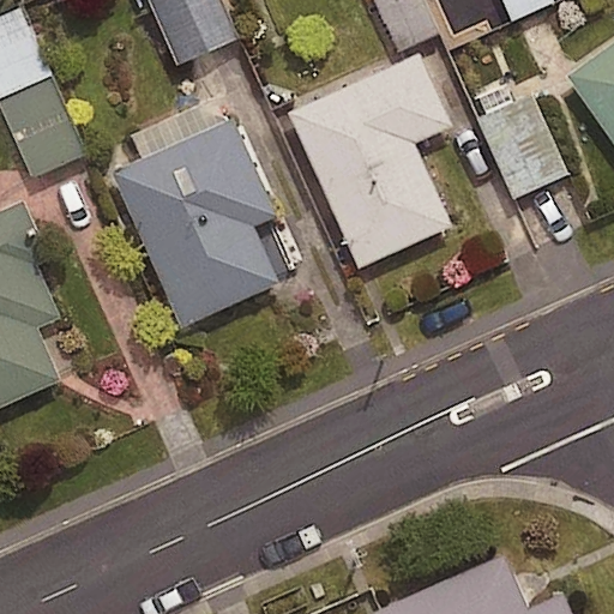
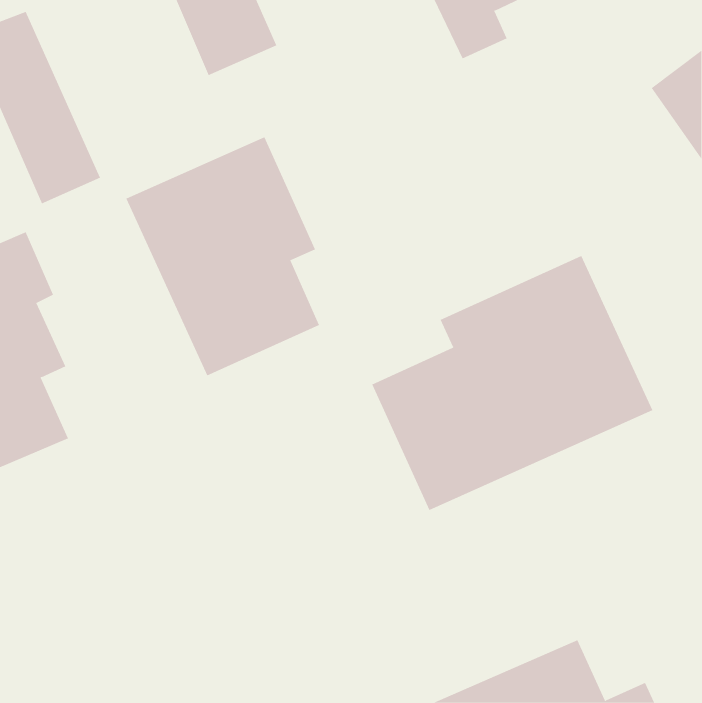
building: [287,53,452,269] -> none
building: [481,96,570,199] -> none
building: none -> [371,255,653,511]

